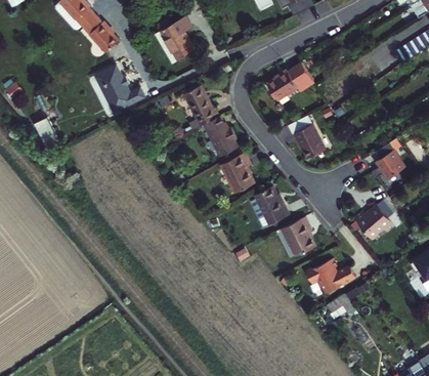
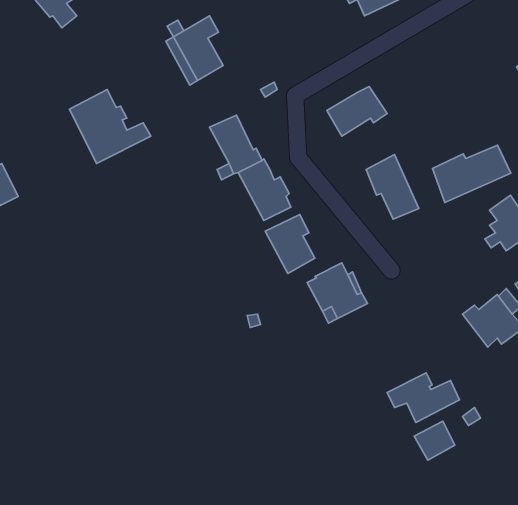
building: [84,17,118,51] -> none
building: none -> [433,145,511,202]
building: [285,216,318,256] -> none

